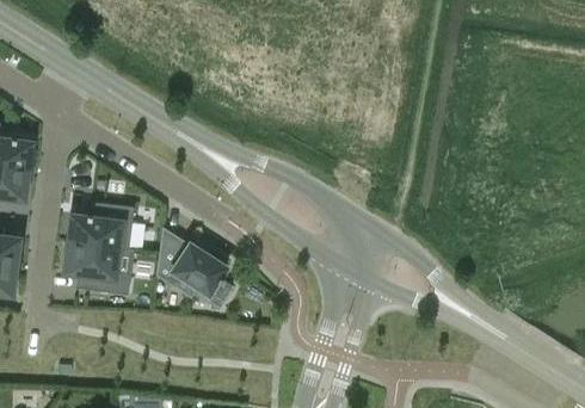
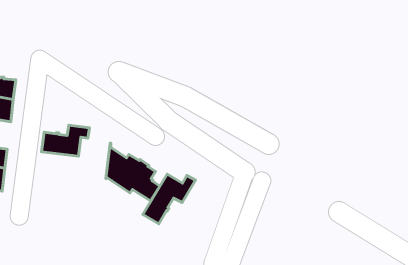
building: [63,241,125,295] -> none
building: none -> [143,174,196,224]

